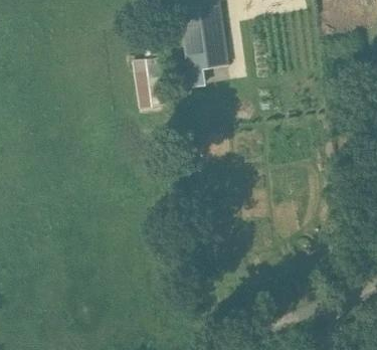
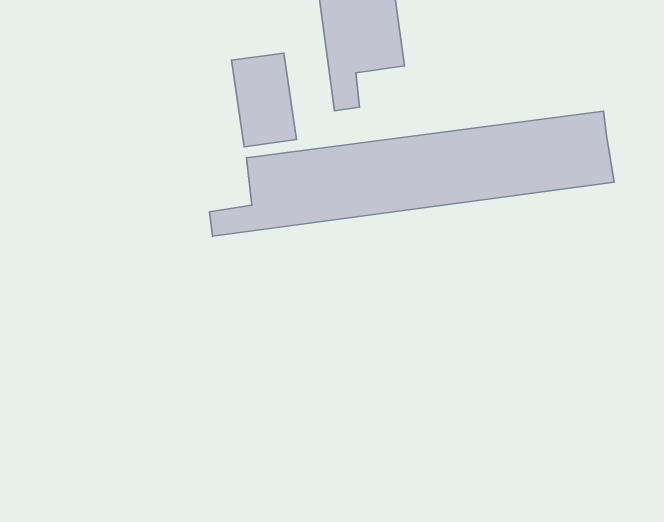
building: none -> [210,111,614,236]

